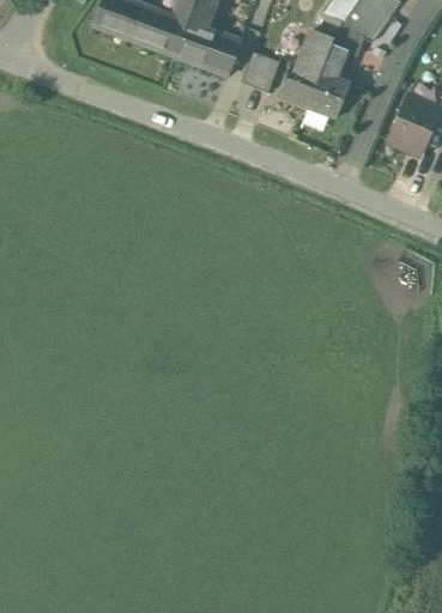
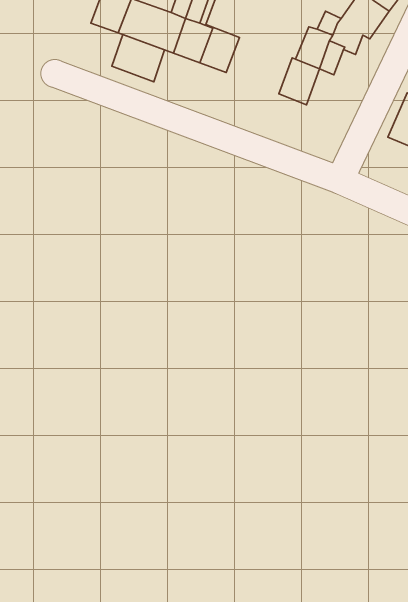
building: none -> [112,34,165,82]
building: [241,51,279,92] -> none
building: [308,72,349,117] -> none

